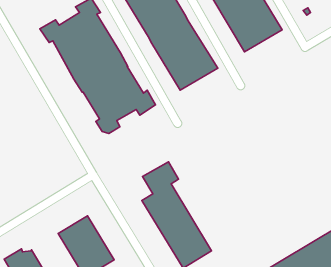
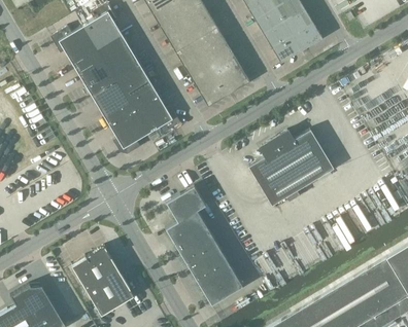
building: none -> [248,130,334,206]

